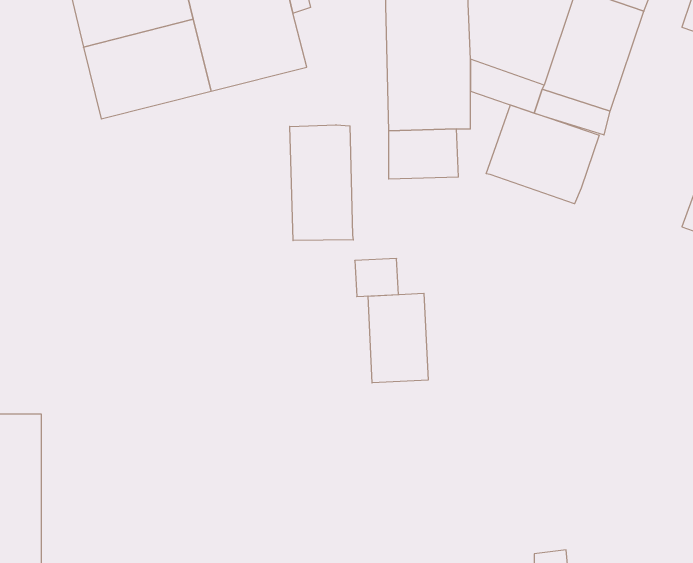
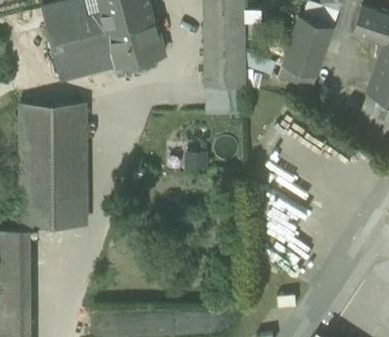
building: [486,105,599,204] -> none
building: [290,125,353,241] -> none
building: none -> [19,106,85,225]
building: [368,293,428,383] -> none

